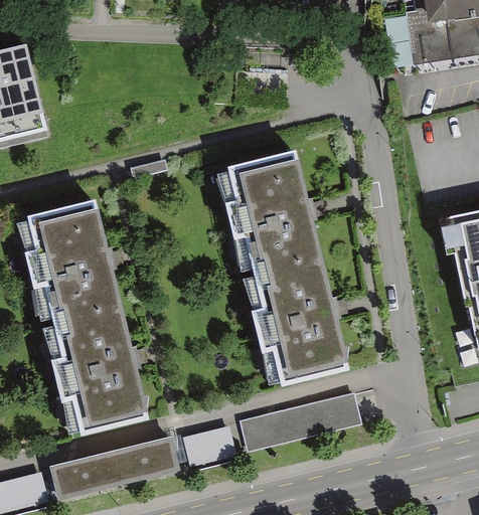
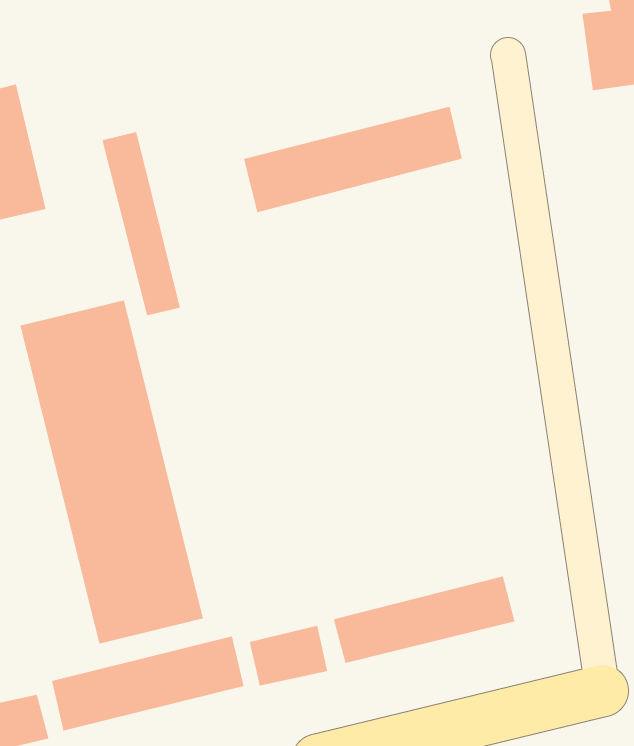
building: none -> [243,106,463,213]
building: none -> [102,131,181,316]
building: [225,156,349,388] -> none

